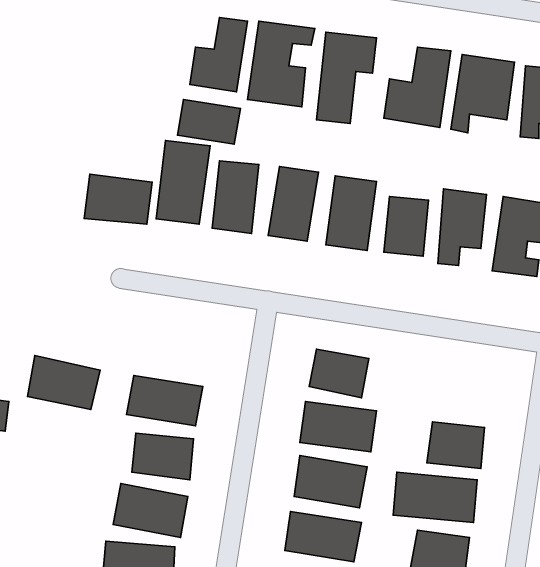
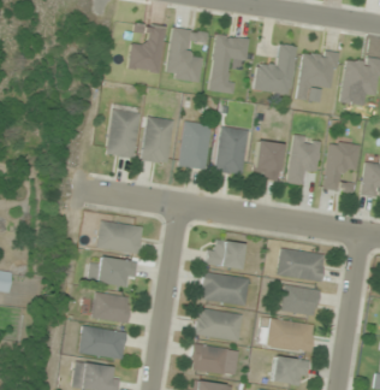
building: [178,100,240,144] -> none
building: [84,174,152,224] -> none
building: [27,355,100,409] -> [97,219,144,254]
building: none -> [277,248,325,280]

